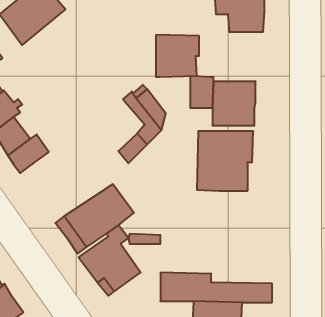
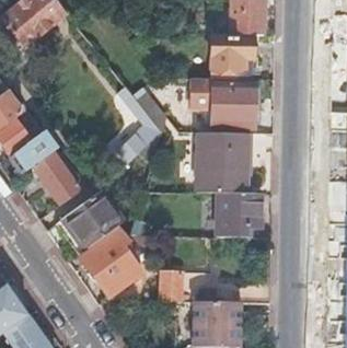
building: [156,35,199,77] -> [210,36,253,78]
building: none -> [34,147,89,206]
building: none -> [218,190,263,235]

